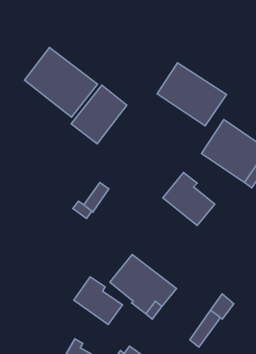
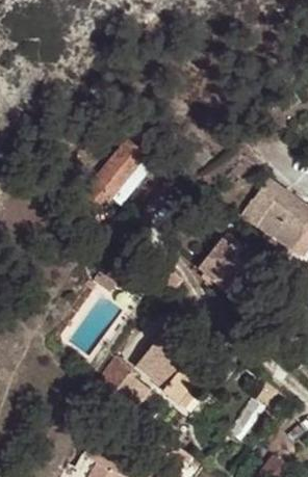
building: [24,48,98,117] -> none
building: [157,63,226,126] -> none

